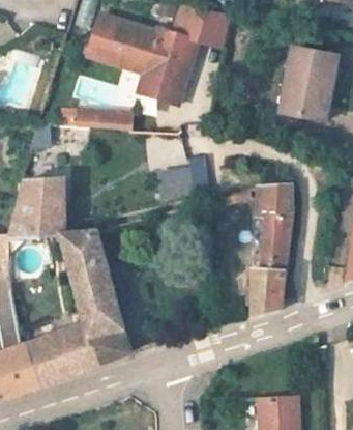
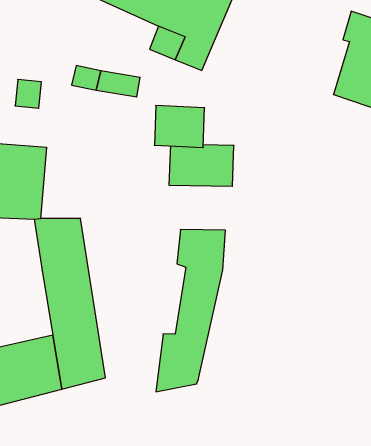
building: [249,183,292,315] -> [156,230,225,392]

